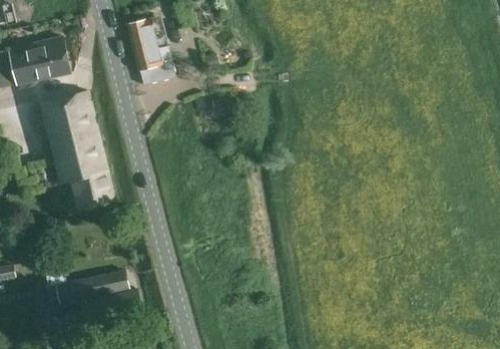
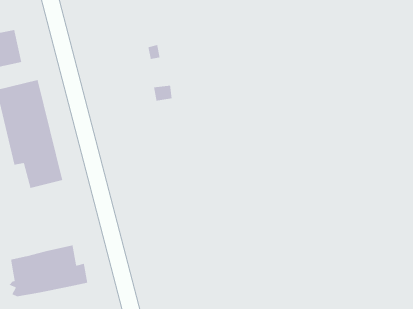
building: [126,19,175,85] -> none

